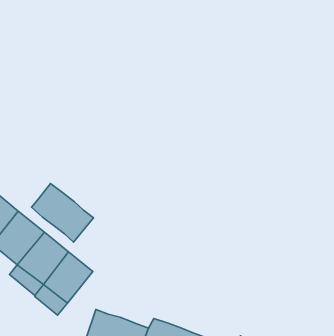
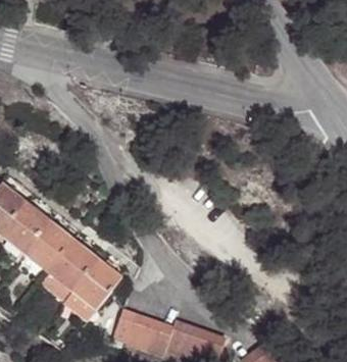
building: [31,184,93,242] -> none

